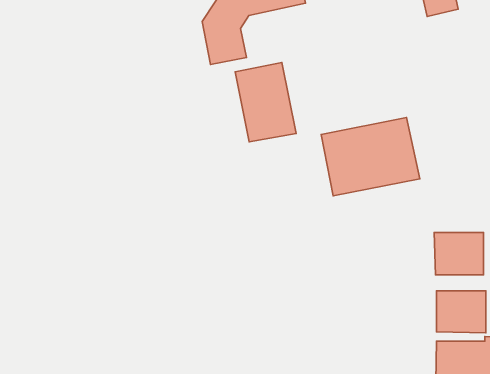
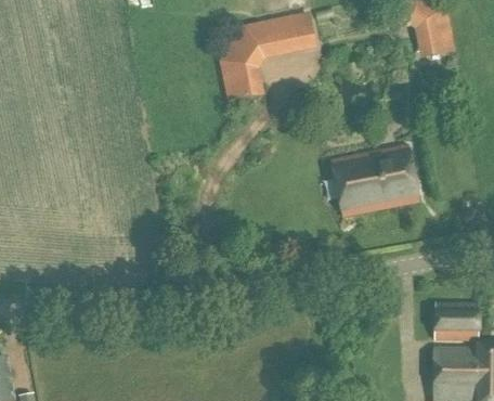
building: [235,62,296,142] -> none
building: [434,232,483,275] -> none

